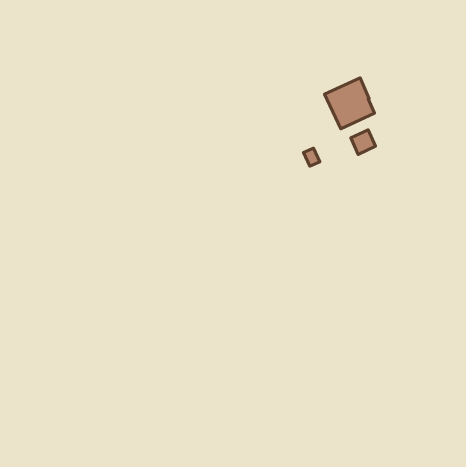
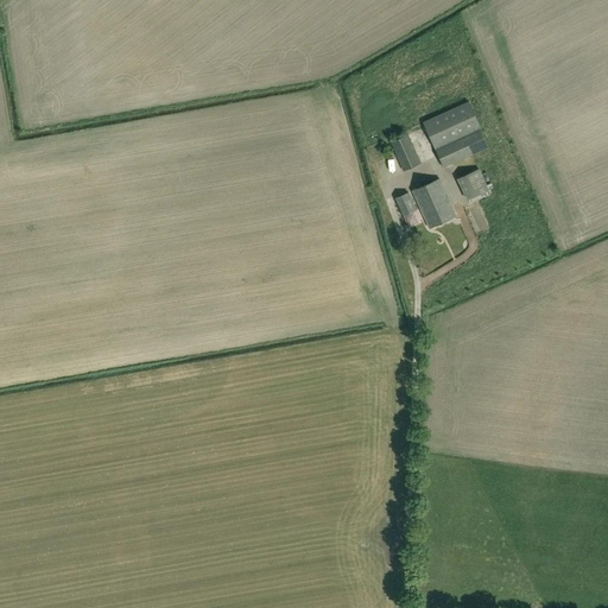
building: none -> [390,134,419,171]
building: none -> [412,179,455,227]

